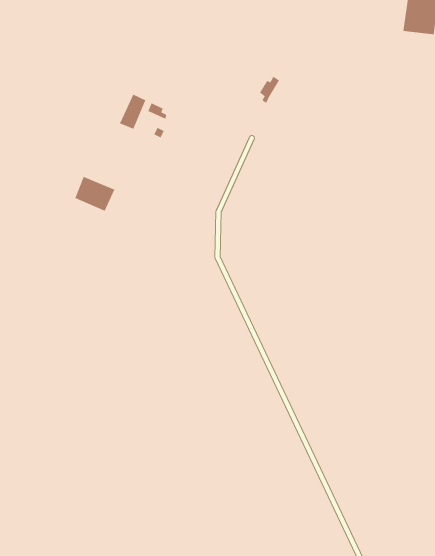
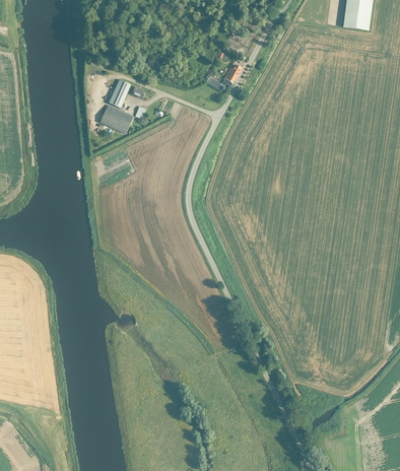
building: [75,176,115,212] -> [99,104,133,133]

